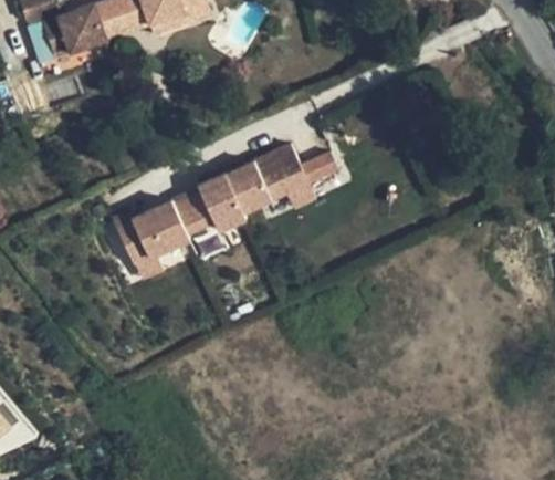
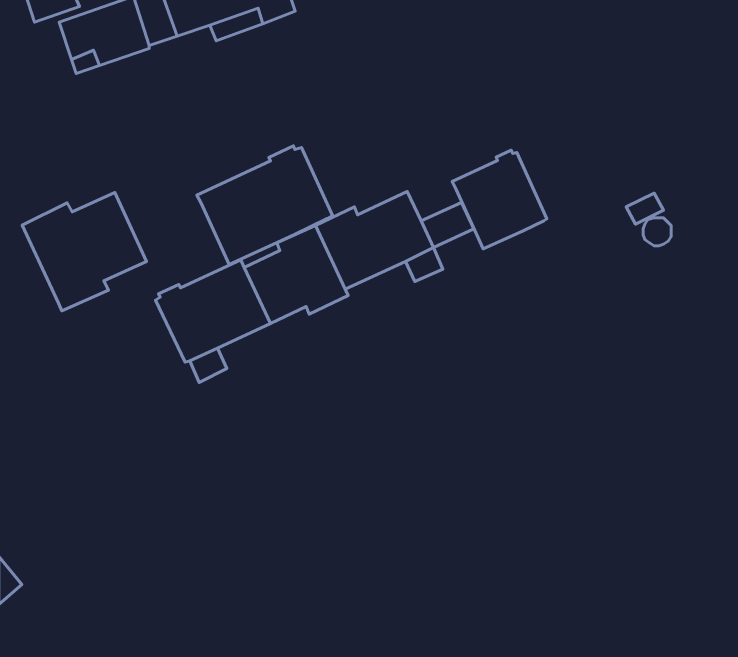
building: none -> [197,146,332,265]
building: none -> [452,150,547,249]
building: none -> [22,193,147,311]

